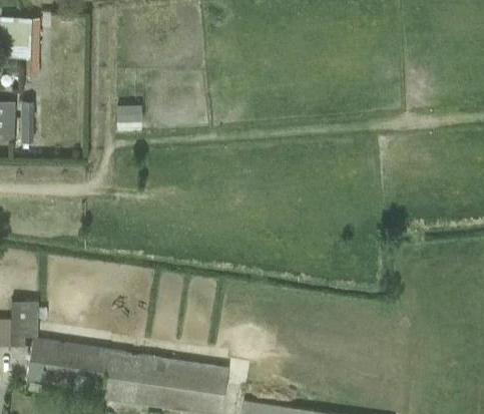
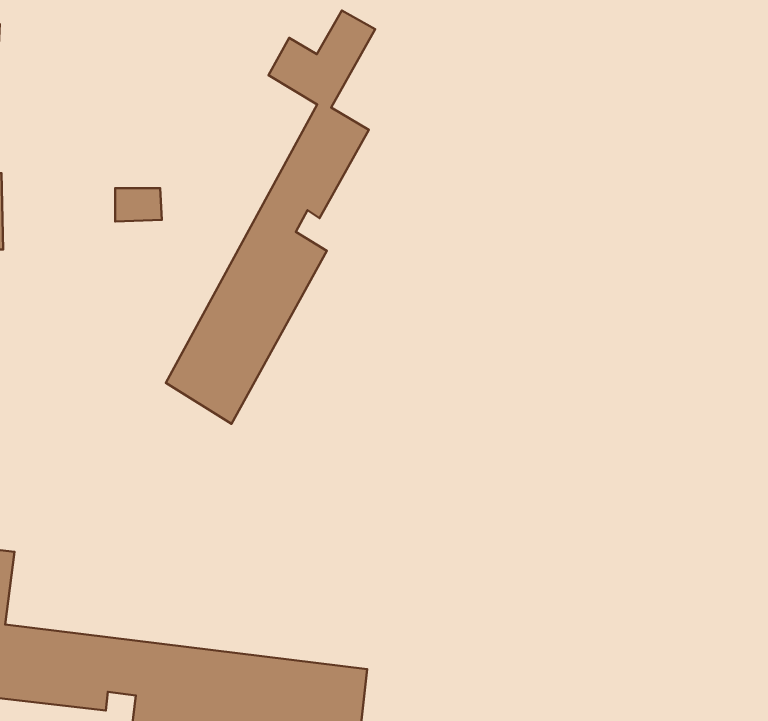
building: none -> [166,11,375,424]

